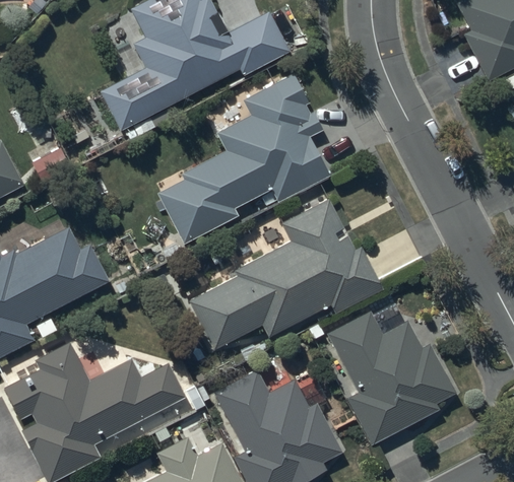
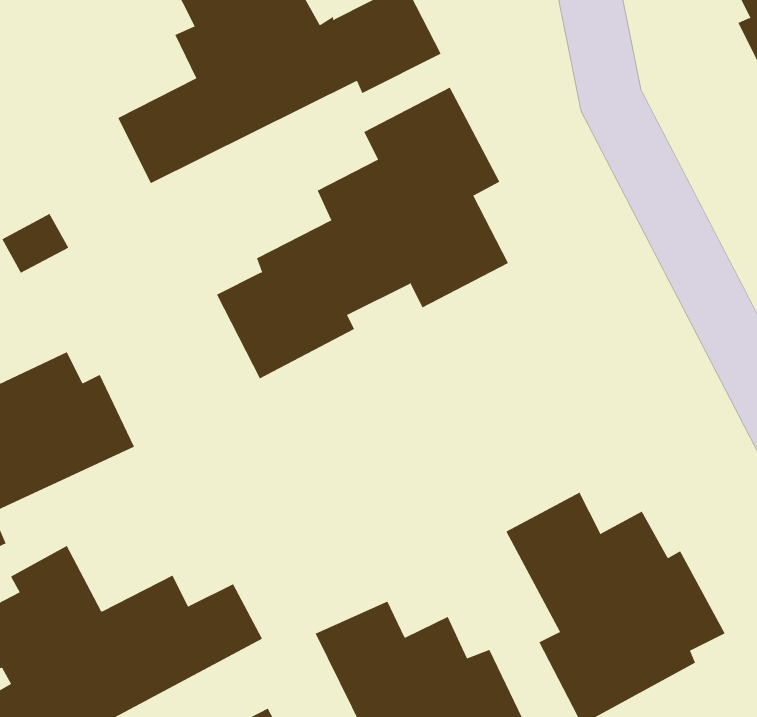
building: [189,200,382,349] -> none

